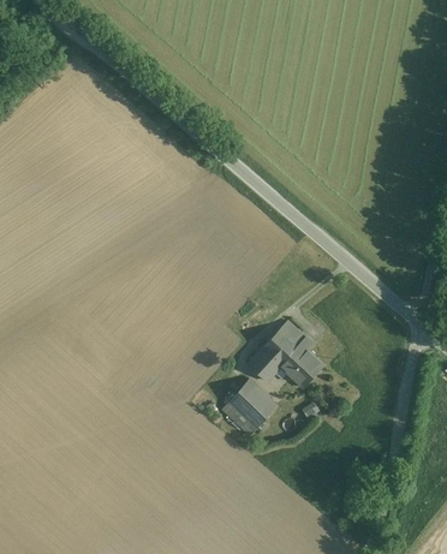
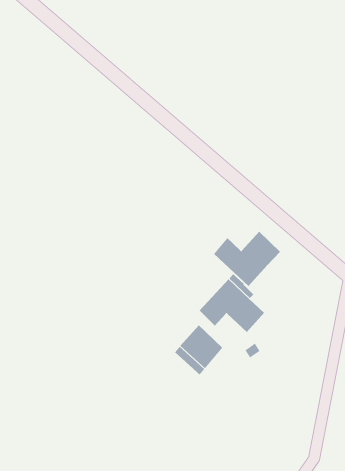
building: none -> [213,231,281,287]

